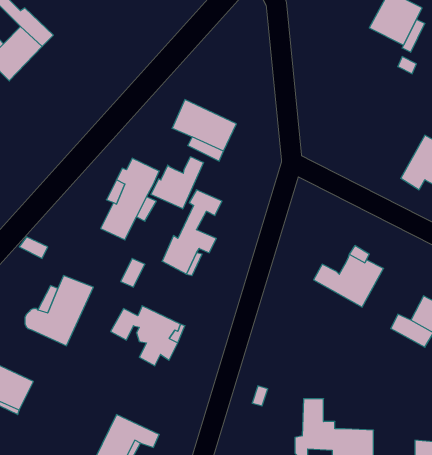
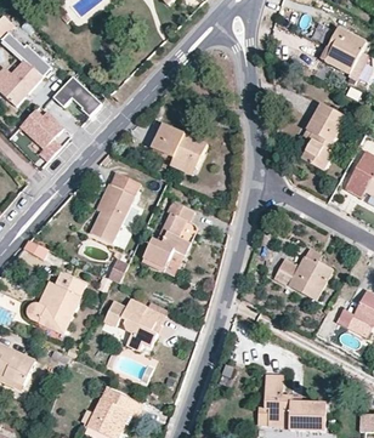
building: none -> [53,76,102,116]
building: none -> [298,107,344,174]
building: none -> [18,110,63,163]
building: [151,157,203,209] -> none

